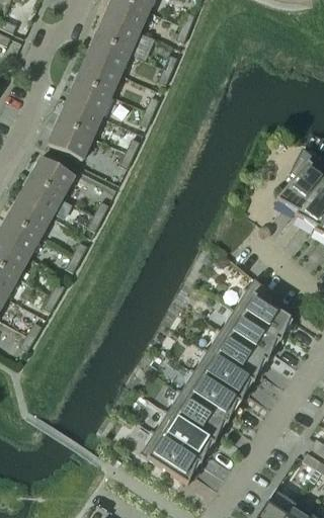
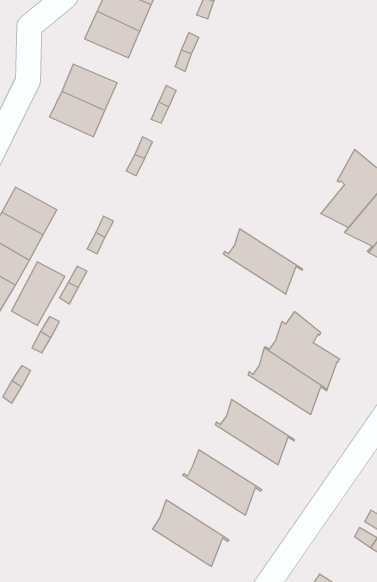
building: [76,59,120,94] -> none
building: [48,121,92,159] -> none
building: [29,157,75,196] -> none
building: none -> [12,262,65,326]
building: [204,329,267,381] -> [223,229,302,294]
building: [177,369,241,422] -> none
building: [151,410,215,462] -> none

